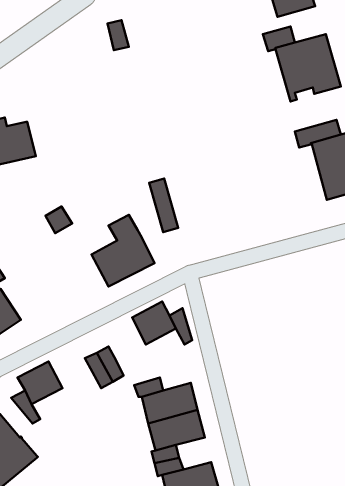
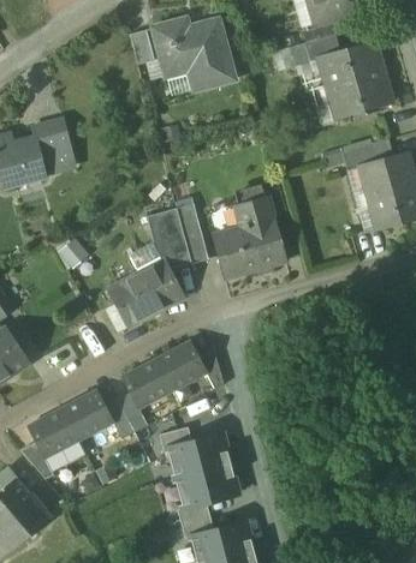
building: none -> [151,16,231,88]
building: none -> [34,119,76,173]
building: none -> [212,196,284,280]
building: none -> [145,209,191,270]
building: none -> [121,360,172,408]
building: none -> [63,391,112,439]

